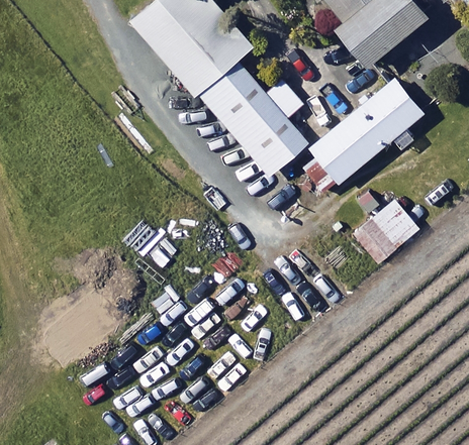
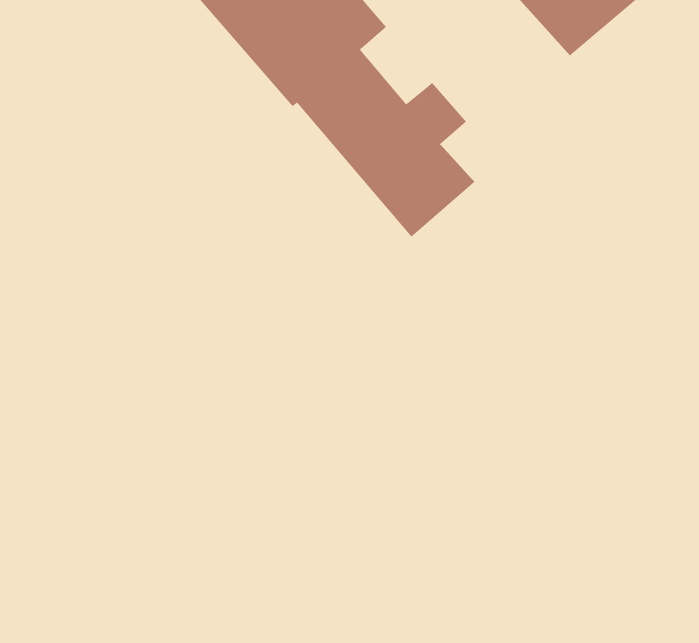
building: [309,80,424,184] -> none
building: [354,200,419,264] -> none

